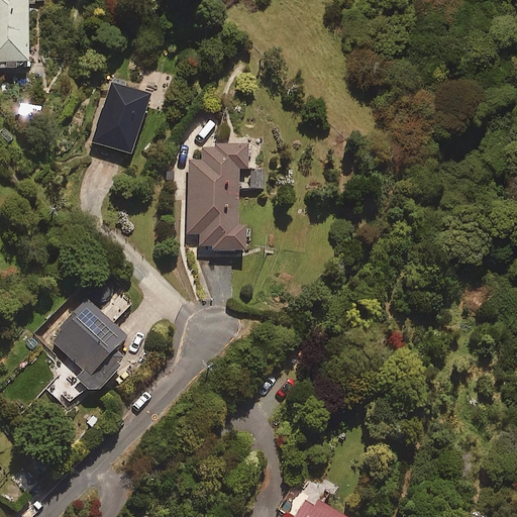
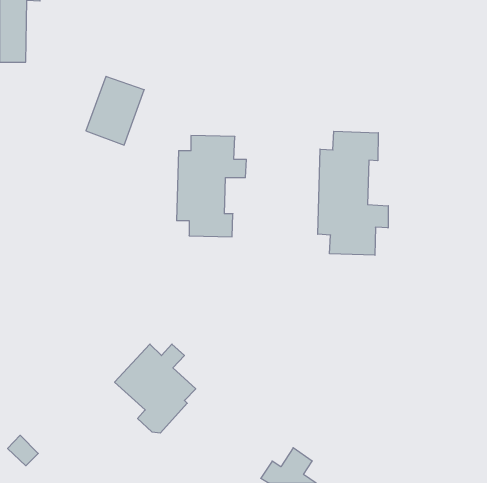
building: none -> [318,131,388,255]
building: [49,298,135,392] -> [115,344,196,433]

